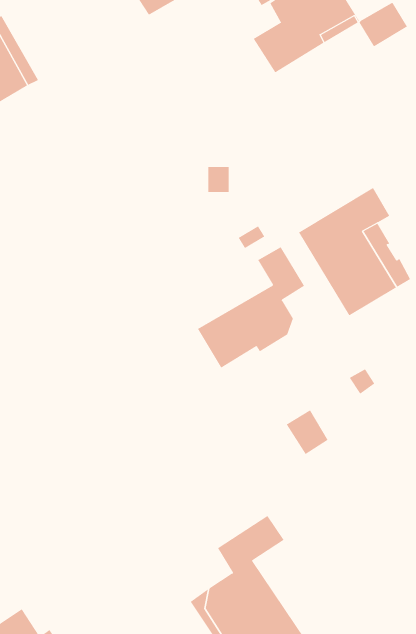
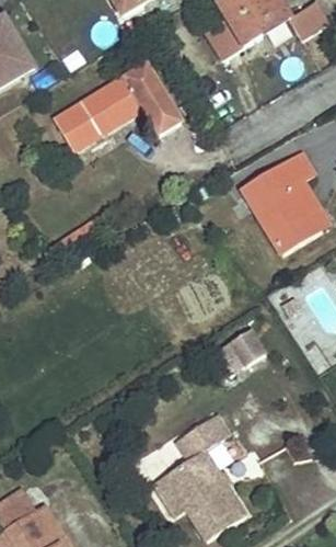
building: none -> [55,65,181,149]
building: [197,246,305,368] -> none

